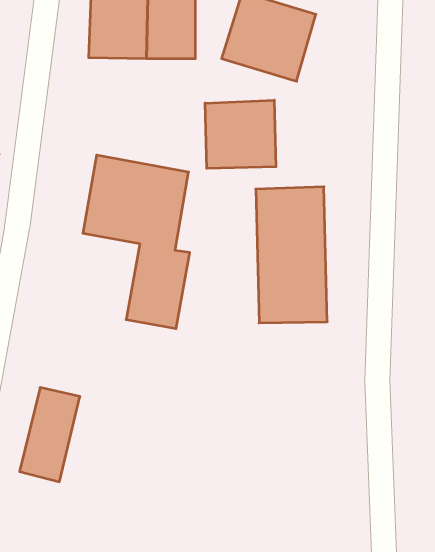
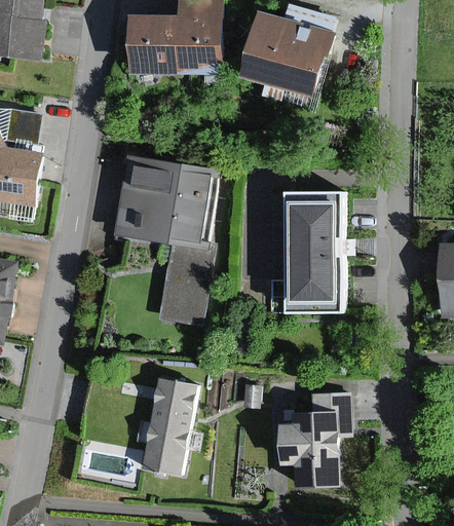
building: [205,100,276,168] -> none
building: [20,388,80,482] -> [145,384,199,469]
building: none -> [279,407,341,479]

